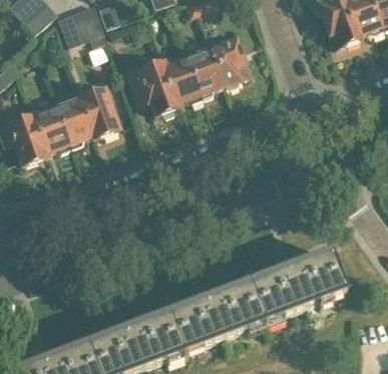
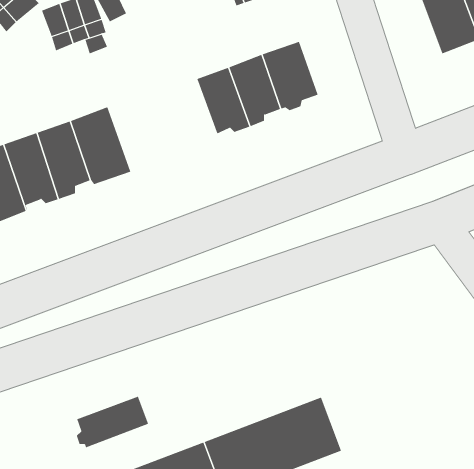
building: [125,61,180,116] -> none
building: [252,255,347,322] -> none
building: none -> [76,396,149,448]

